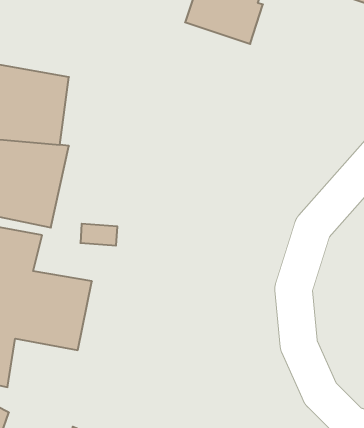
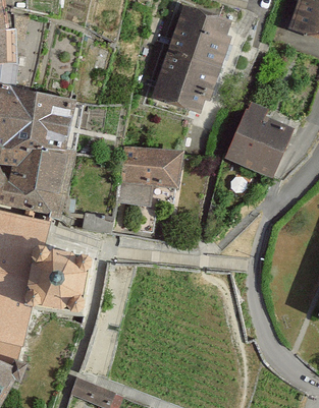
building: none -> [152,53,218,112]
building: none -> [225,103,291,176]
building: none -> [119,148,181,203]

